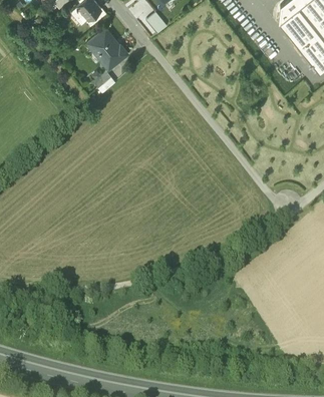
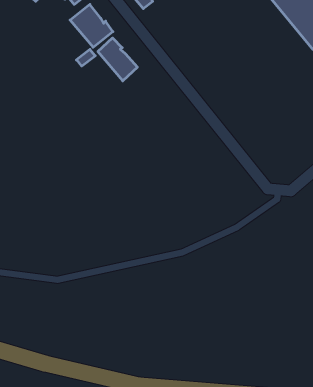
building: none -> [98,38,137,81]

